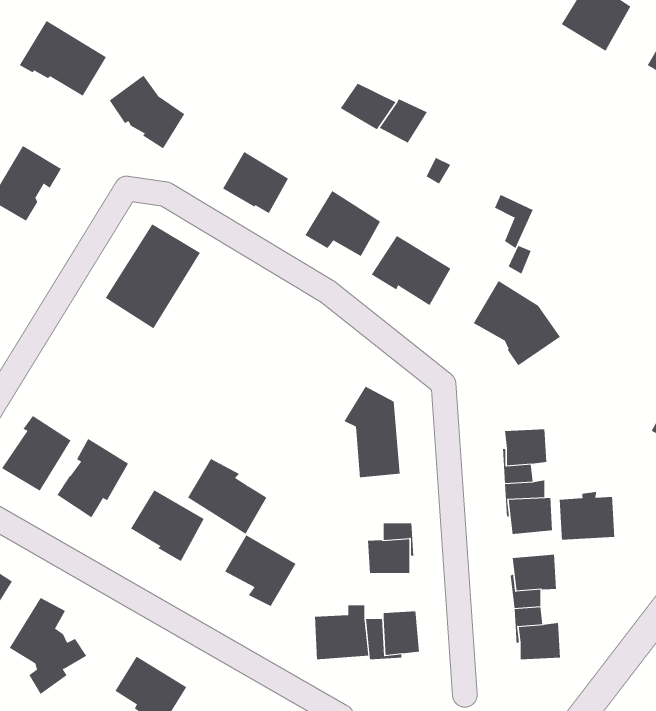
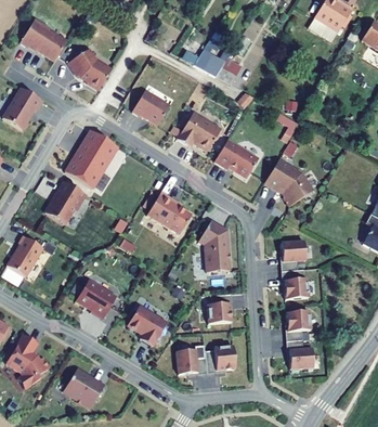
building: [57,438,129,518] -> [43,179,83,223]
building: [187,458,267,535] -> [144,191,188,233]
building: [559,491,615,540] -> none

